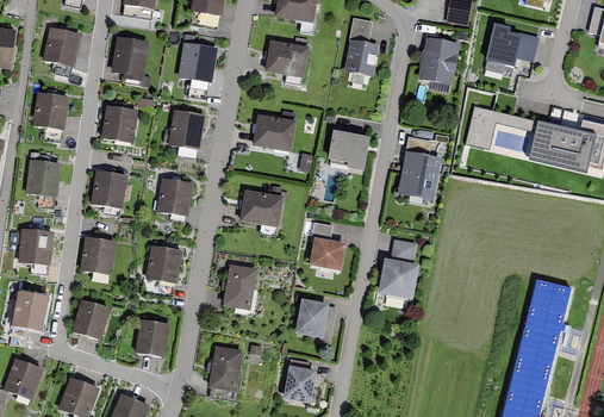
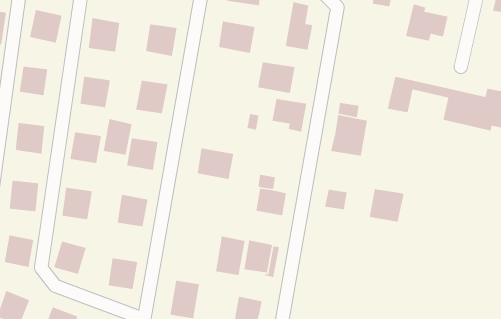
building: [418,37,457,83] -> none
building: [251,114,297,153] -> [257,61,295,94]
building: none -> [103,118,132,156]
building: [378,259,419,299] -> [369,188,404,223]
building: [222,263,257,311] -> [215,236,245,276]

